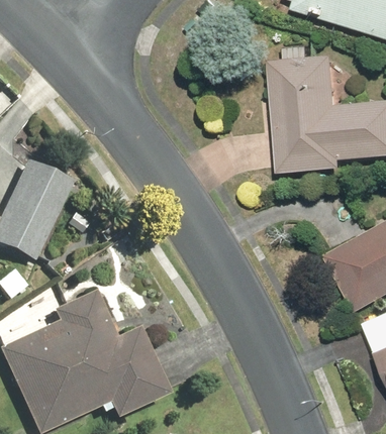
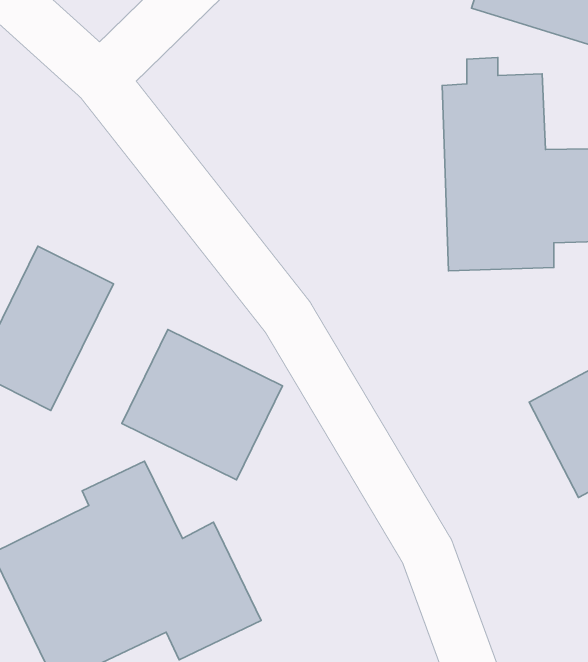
building: none -> [122,329,282,480]

